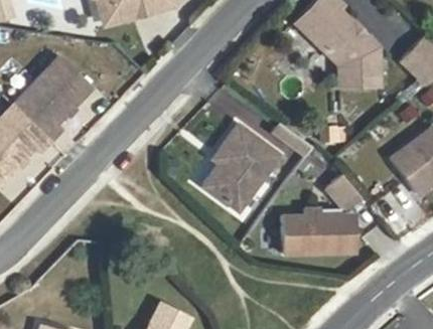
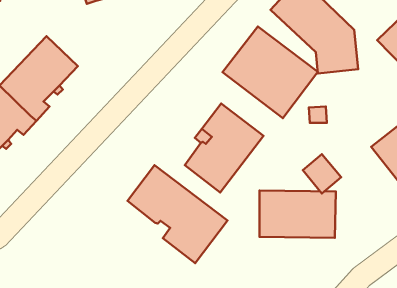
building: none -> [222,26,318,118]
building: none -> [128,165,228,263]

